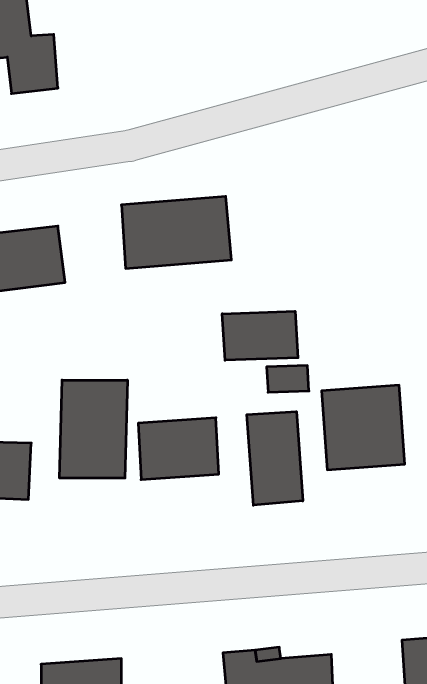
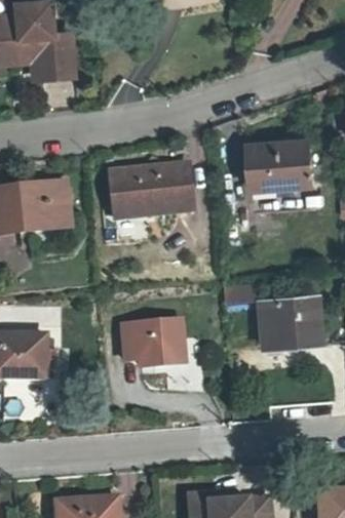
building: none -> [251,135,309,180]
building: [222,311,298,360] -> none
building: [60,380,127,478] -> none
building: [247,412,303,505] -> none

